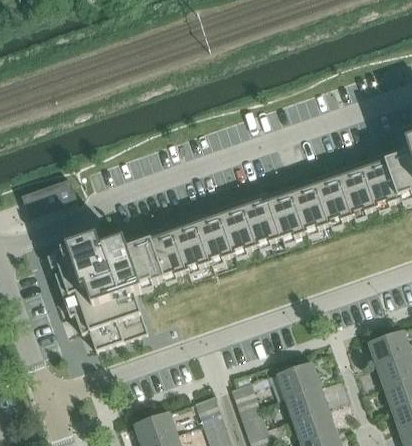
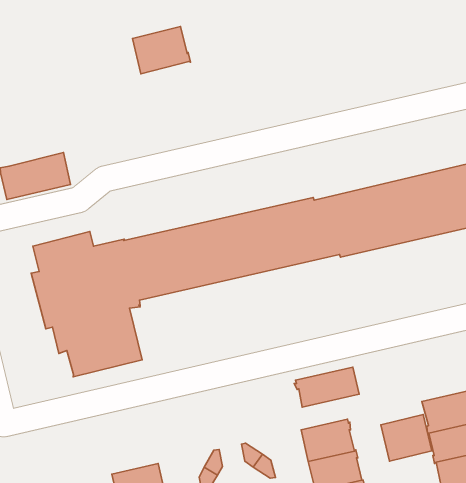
building: none -> [133,27,191,74]
building: none -> [294,367,359,407]
building: none -> [381,415,432,461]

